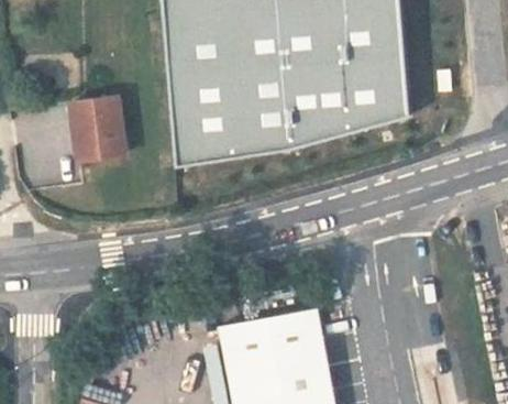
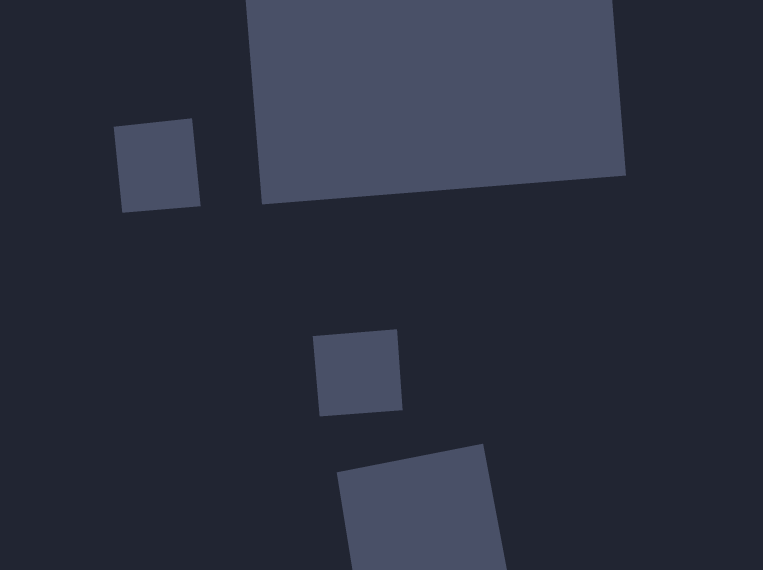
building: none -> [312,329,403,417]

